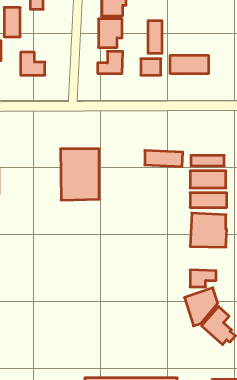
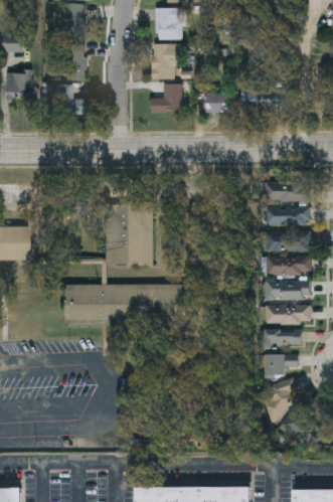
building: [4,8,20,37] -> [64,42,85,78]
building: [148,21,162,53] -> none
building: [145,150,183,167] -> [264,185,311,205]
building: none -> [64,286,188,321]
building: none -> [263,334,302,351]

